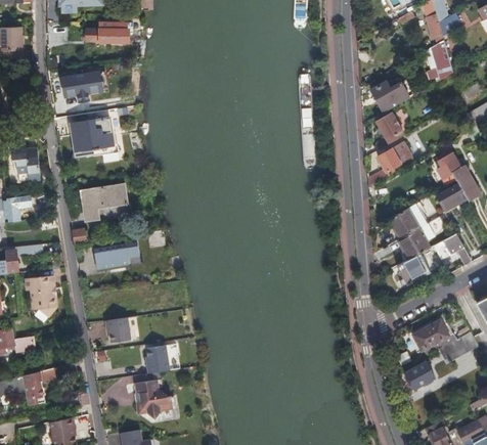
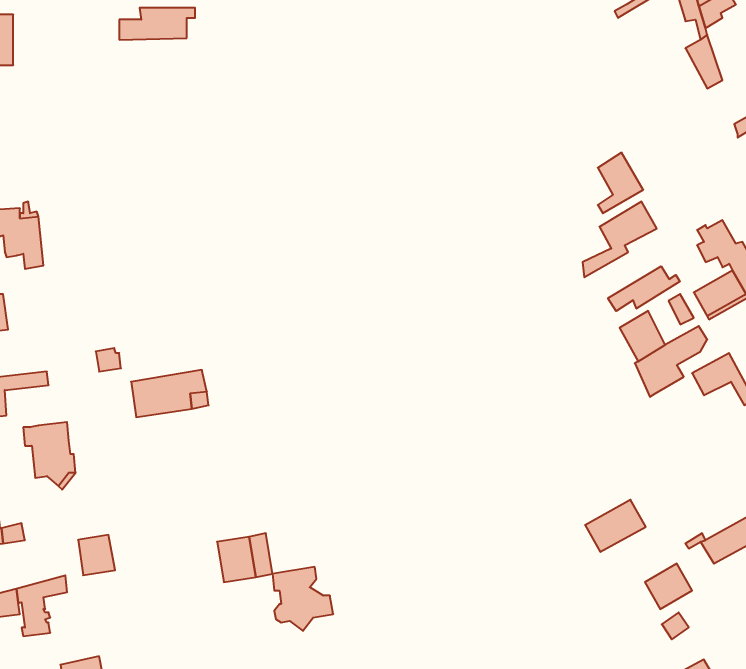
building: [62,70,102,96] -> none
building: [370,82,408,113] -> none
building: [71,121,113,157] -> none
building: none -> [608,266,680,311]
building: [79,183,128,223] -> none
building: [397,258,430,285] -> none
building: [107,317,130,342] -> [78,535,115,575]
building: [411,319,448,351] -> [585,500,646,552]
building: [135,379,172,417] -> [273,567,333,631]

